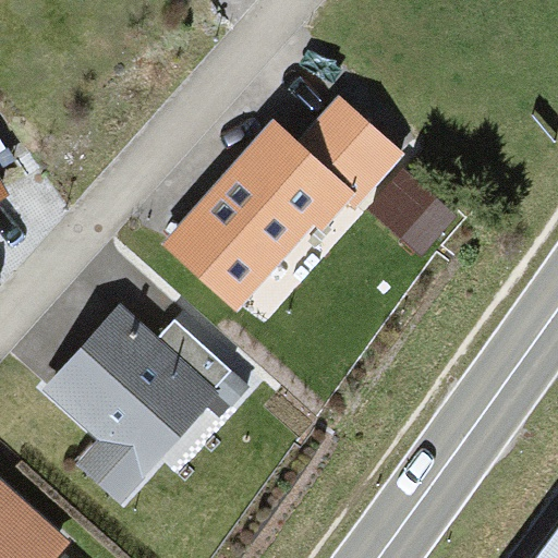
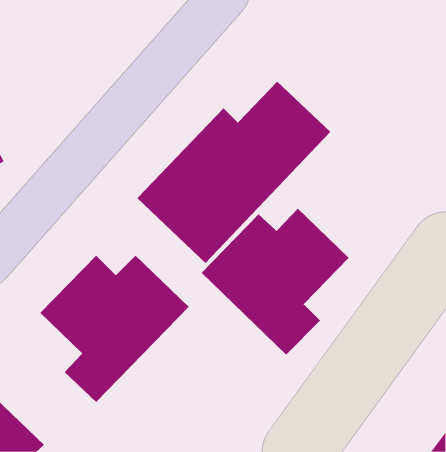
building: none -> [201,208,350,355]

